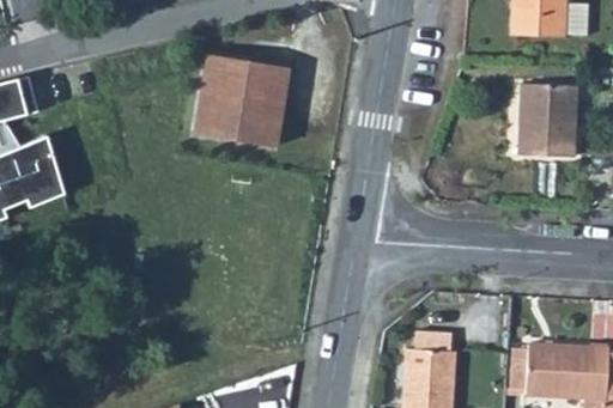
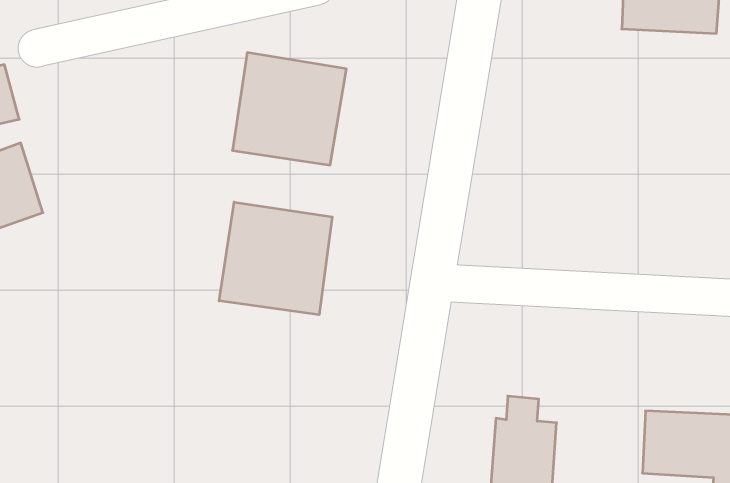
building: [517,84,579,159] -> none
building: none -> [219,202,332,315]

